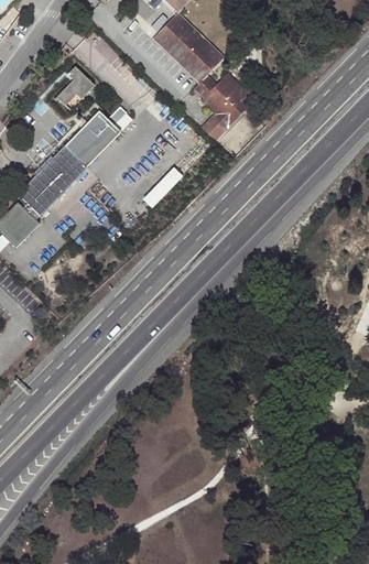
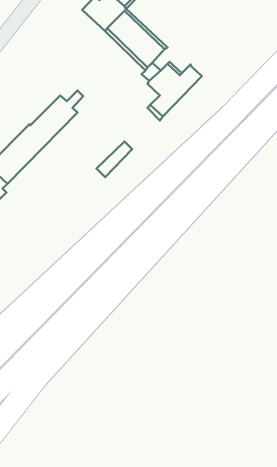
building: [56,67,94,110] -> none

